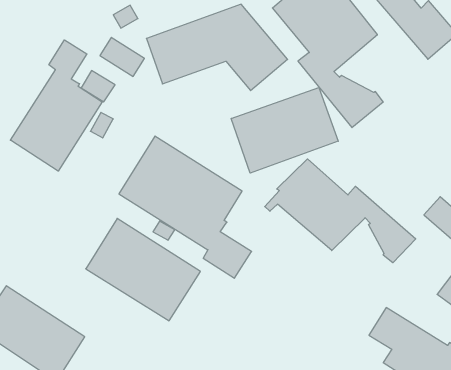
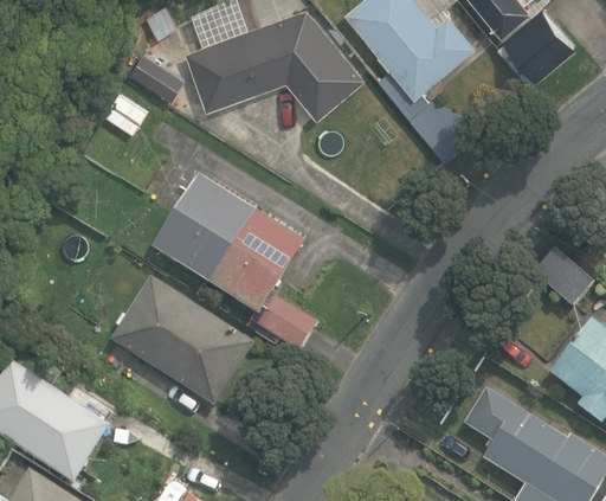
building: [10,40,102,171] -> none
building: [231,87,338,173] -> none
building: [265,159,416,263] -> none

